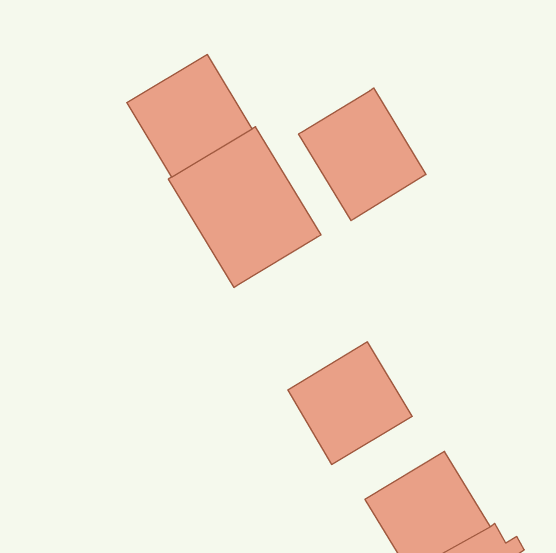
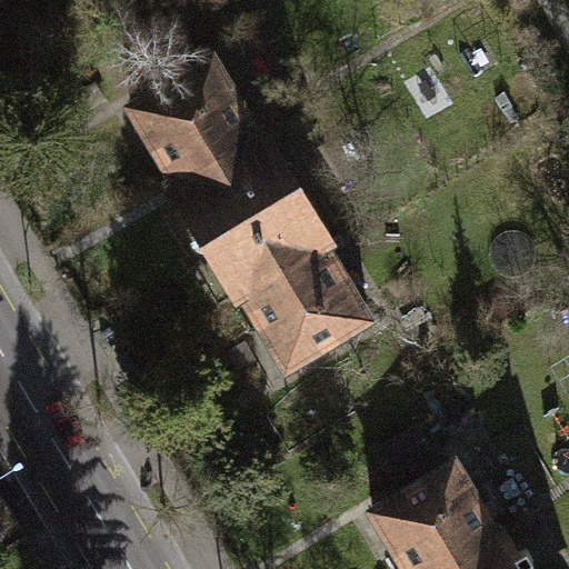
building: [299,88,426,221] -> none
building: [288,342,412,464] -> [241,247,368,371]

